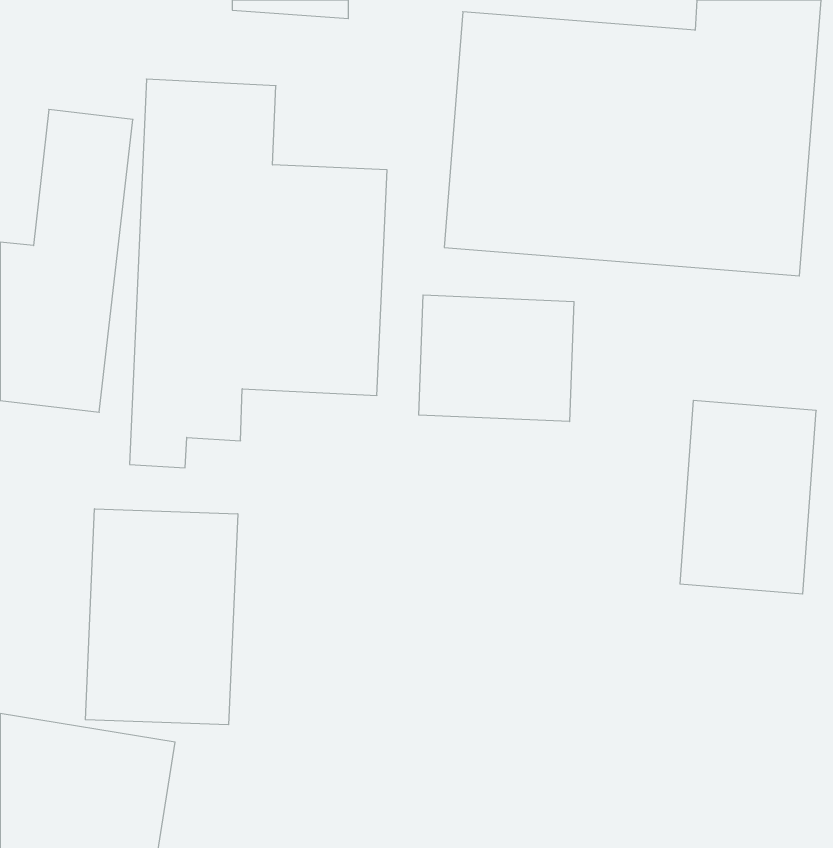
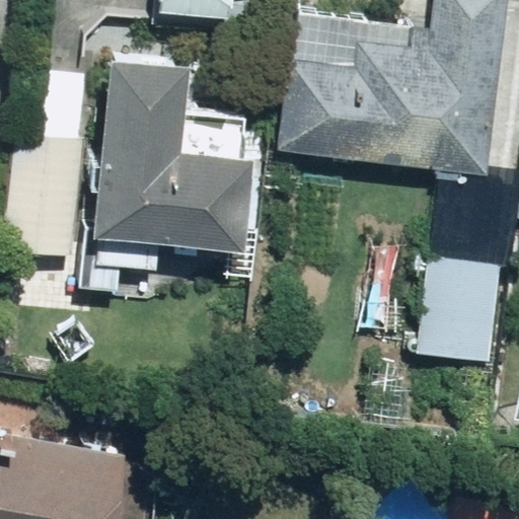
building: [419,295,574,422] -> none
building: [85,509,238,725] -> none

